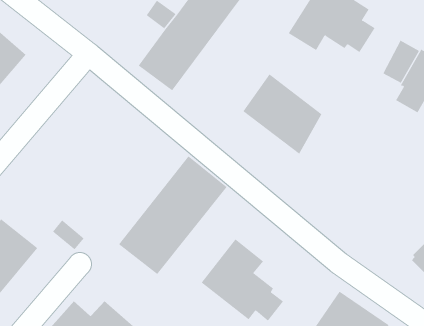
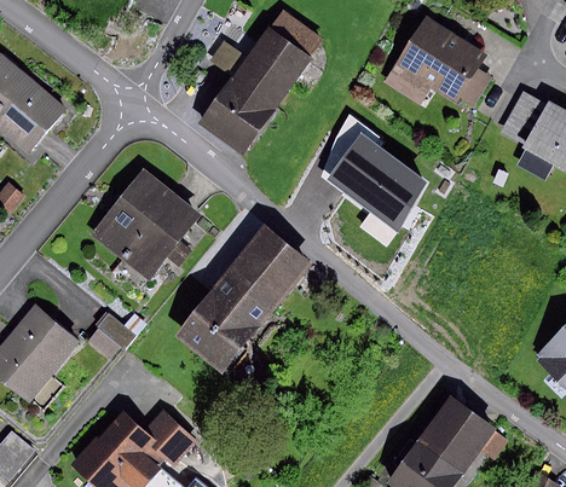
building: none -> [320,111,381,179]
building: none -> [94,172,198,277]
building: [201,239,284,321] -> none

